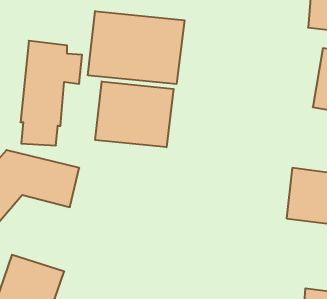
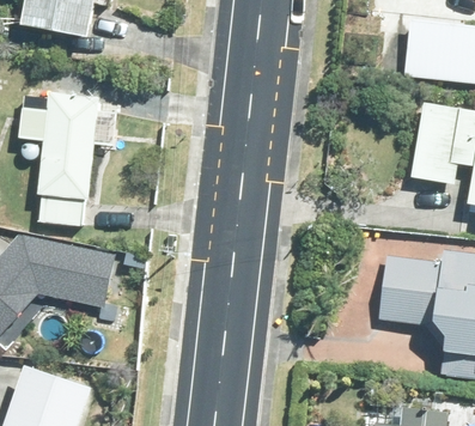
building: [88,11,184,84] -> none
building: [95,81,174,147] -> none

